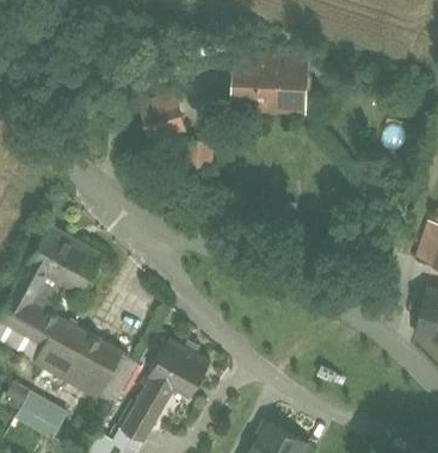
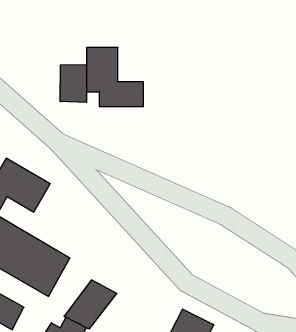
building: [230,51,309,116] -> none
building: none -> [60,64,87,102]
building: [148,345,209,399] -> none

